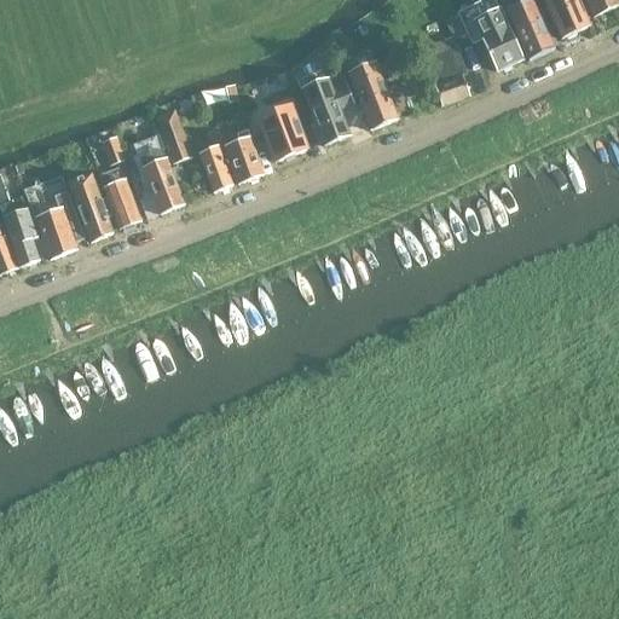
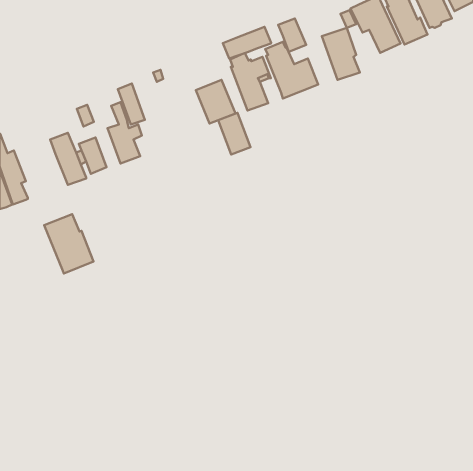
building: none -> [278,18,306,52]
building: none -> [223,27,271,58]
building: [220,128,262,183] -> [218,113,251,155]
building: [197,145,231,191] -> none
building: [24,179,88,256] -> [44,214,93,273]

